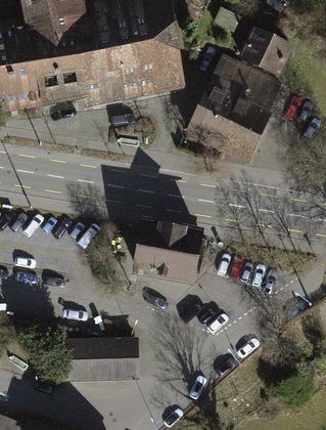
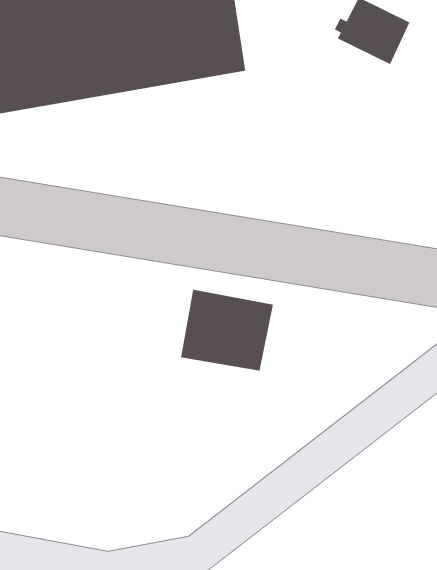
building: [189,56,278,159] -> none
building: [64,339,138,379] -> none

